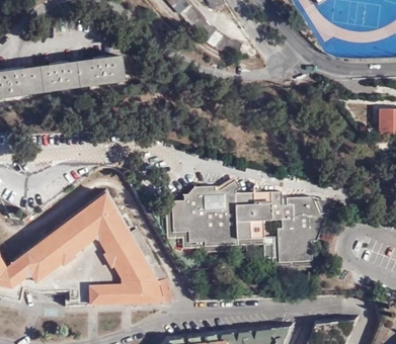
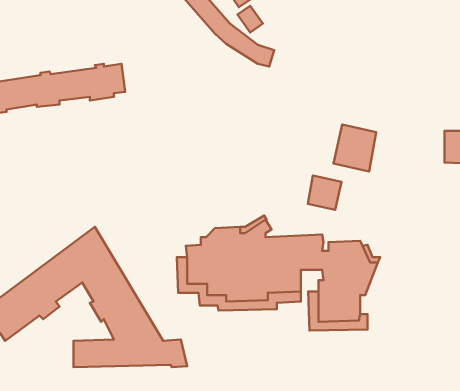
building: none -> [334,125,376,171]
building: none -> [308,176,341,210]

